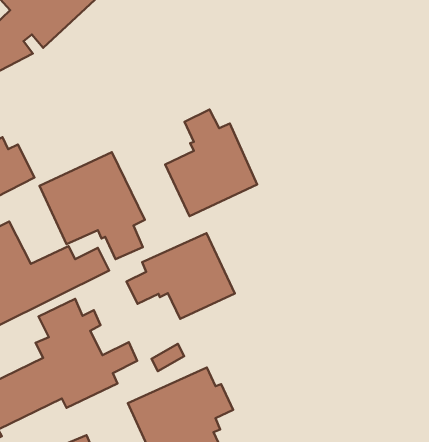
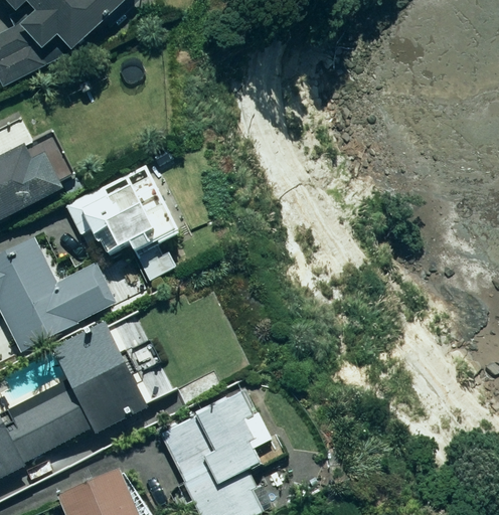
building: [165,110,257,216] -> none
building: [127,233,235,319] -> none

